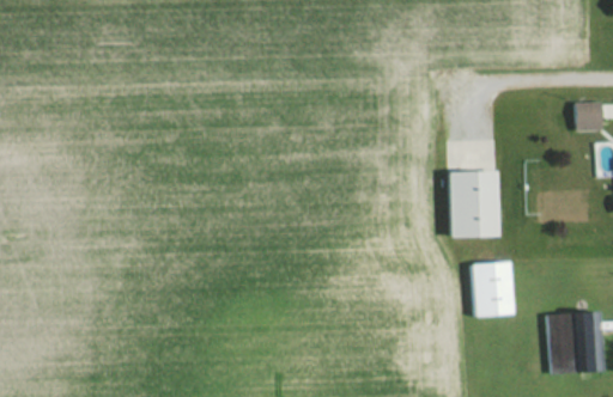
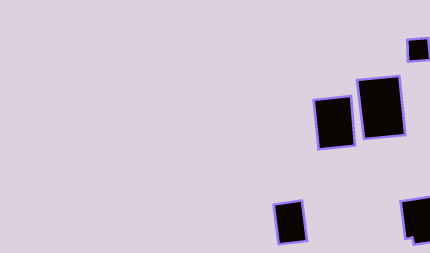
building: none -> [357,76,405,139]
building: [472,261,512,316] -> [274,201,307,244]

